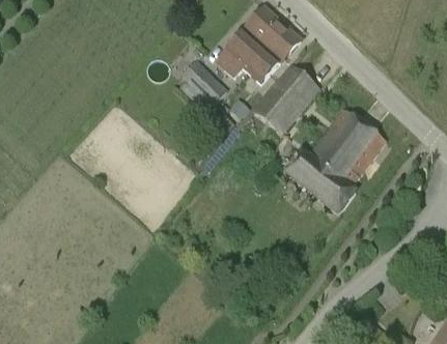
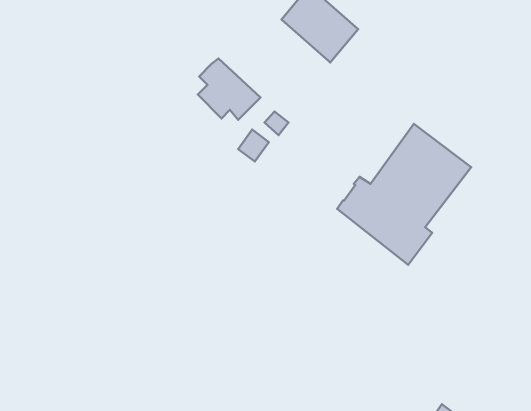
building: [226,31,279,82] -> none
building: [251,62,322,135] -> none

